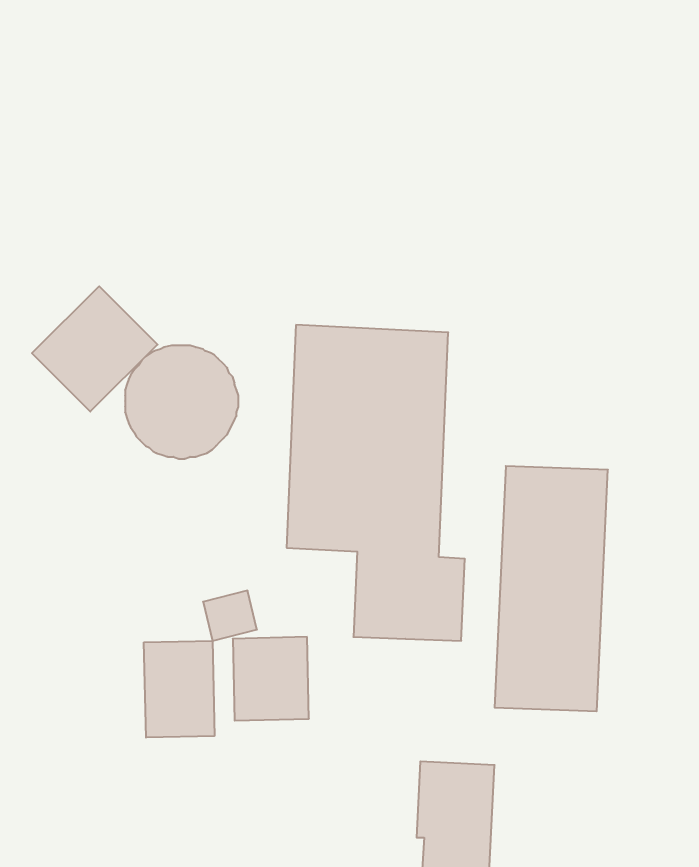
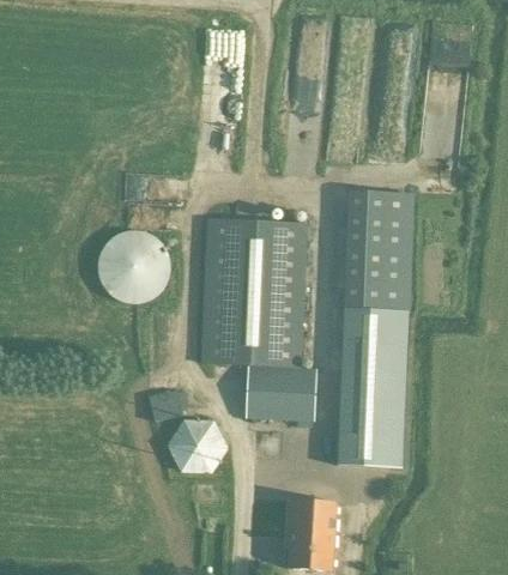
building: none -> [344,189,415,310]
building: [32,286,158,412] -> none
building: [144,641,214,738] -> none

